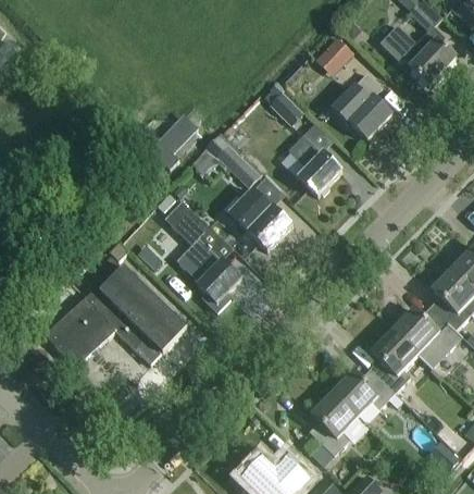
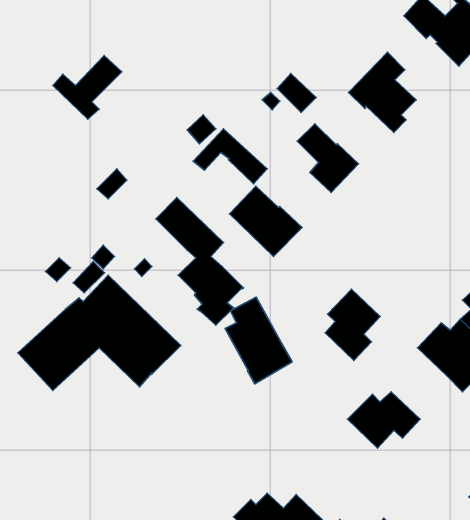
building: [315,35,354,75] -> none
building: [139,112,199,168] -> [53,55,122,119]
building: none -> [225,297,292,384]
building: [370,330,417,392] -> [325,289,380,360]
building: [309,392,358,455] -> none

